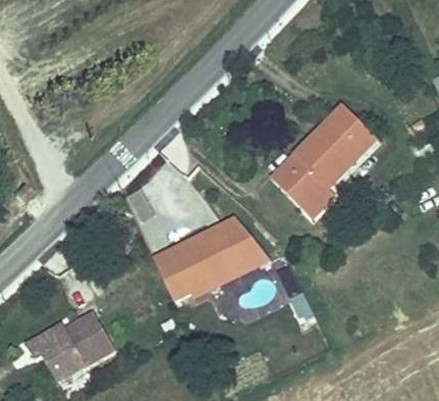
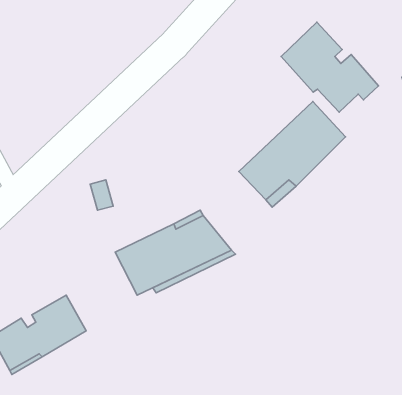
building: none -> [281,22,378,112]

